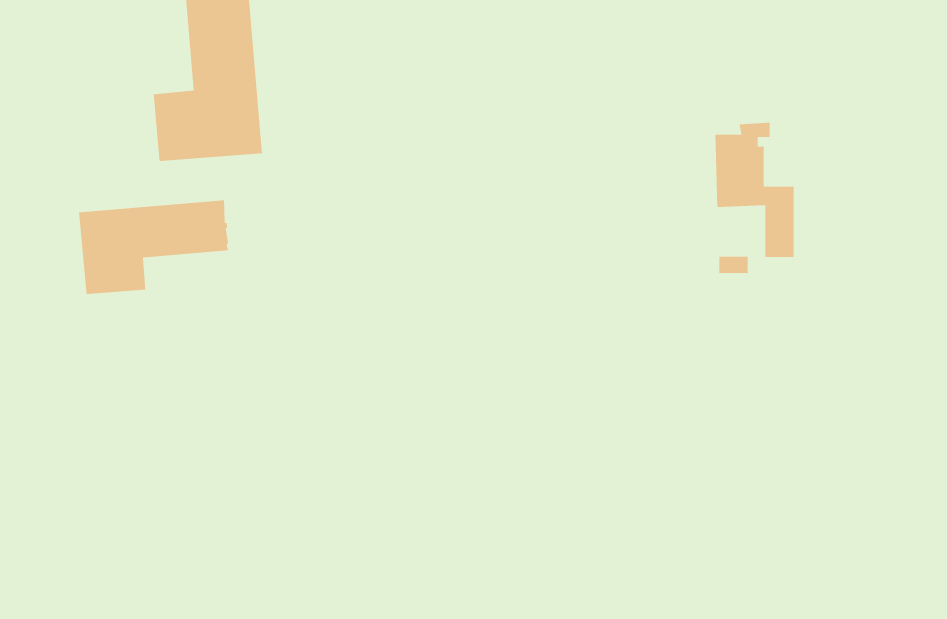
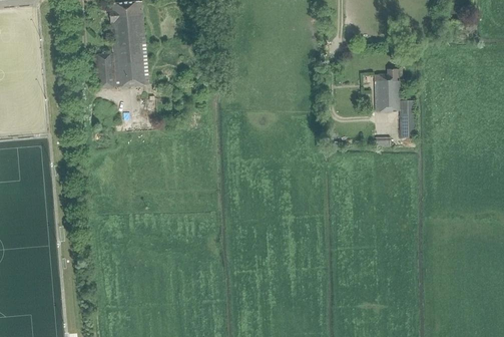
building: [78,200,229,295] -> none

